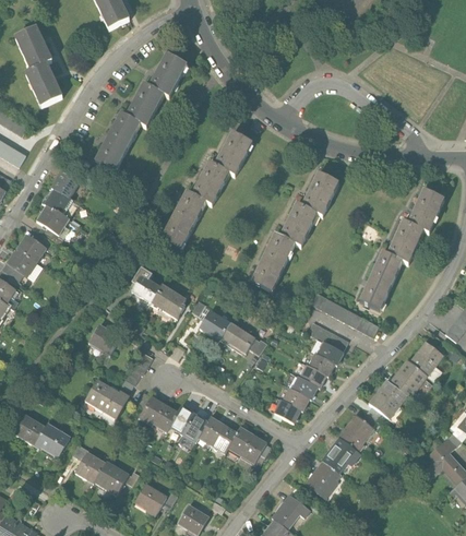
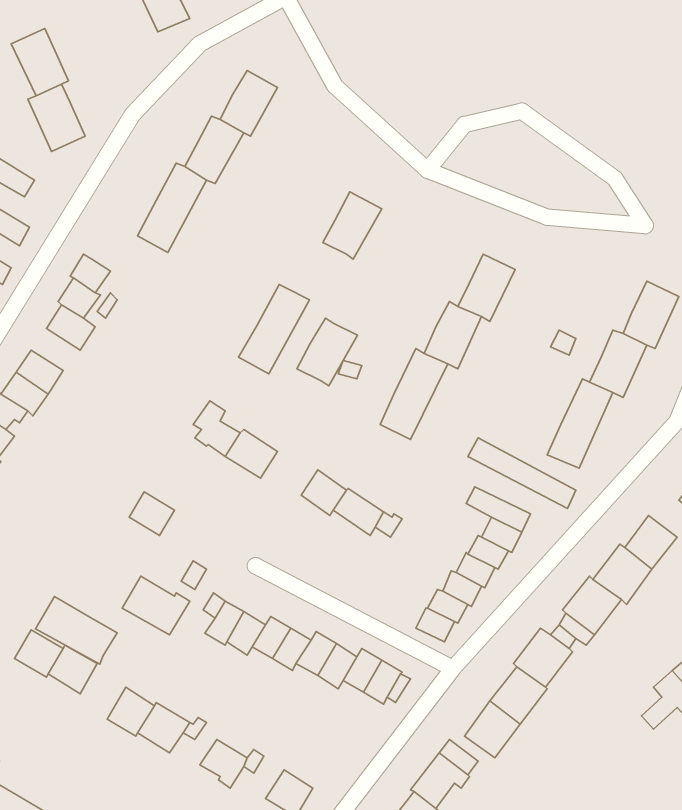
building: [191,160,230,204] -> [297,318,357,386]
building: none -> [35,597,117,664]

